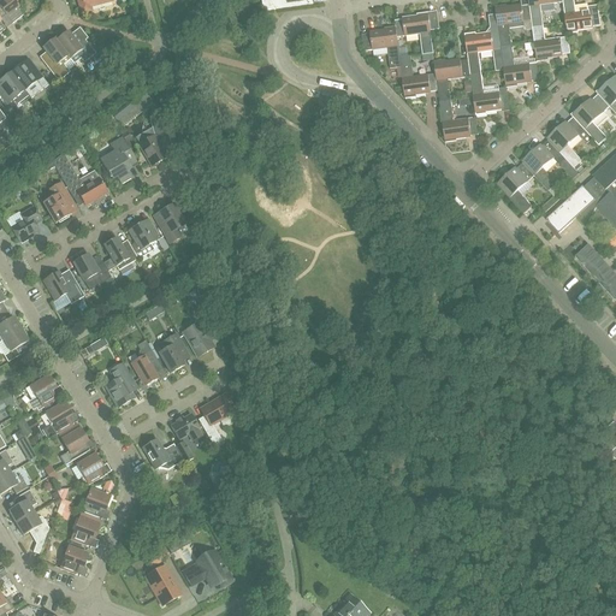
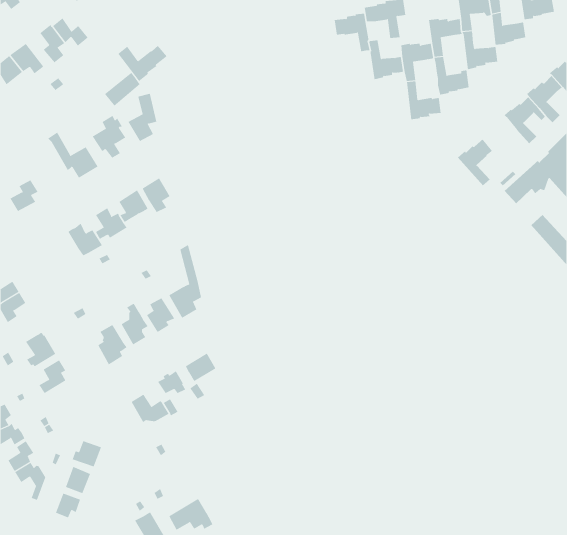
building: none -> [118,45,167,82]
building: [521,137,559,189] -> none
building: [43,180,77,221] -> none
building: [43,270,84,302] -> none
building: [59,421,88,463] -> none
building: [77,451,107,484] -> none

